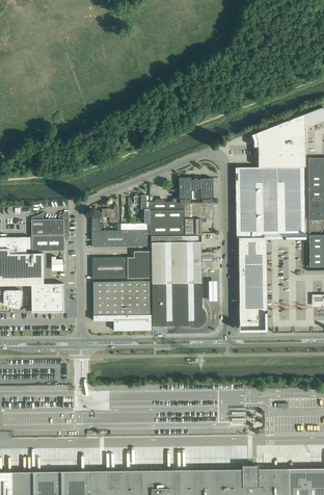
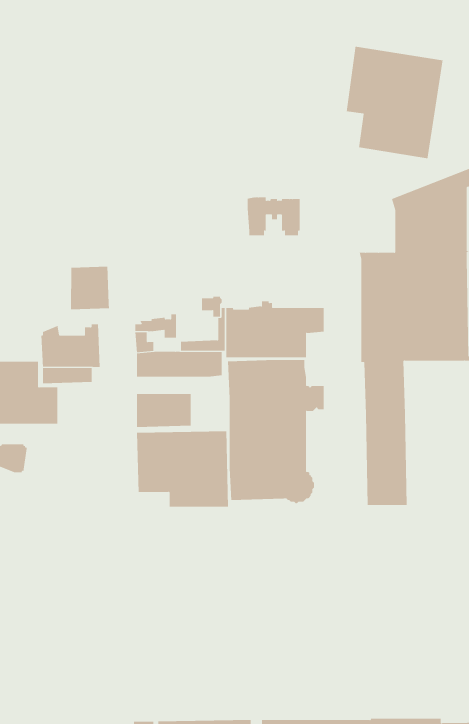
building: none -> [346,46,443,159]
building: none -> [71,266,110,310]
building: [179,178,213,203] -> [247,197,301,236]
building: [128,252,151,279] -> none
building: [32,284,63,312] -> none

